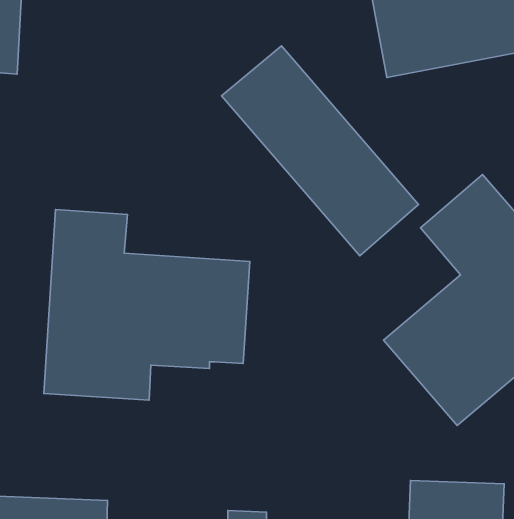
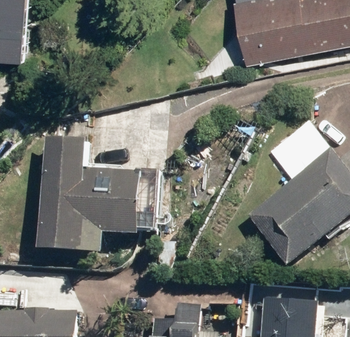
building: [222,46,418,256] -> none

